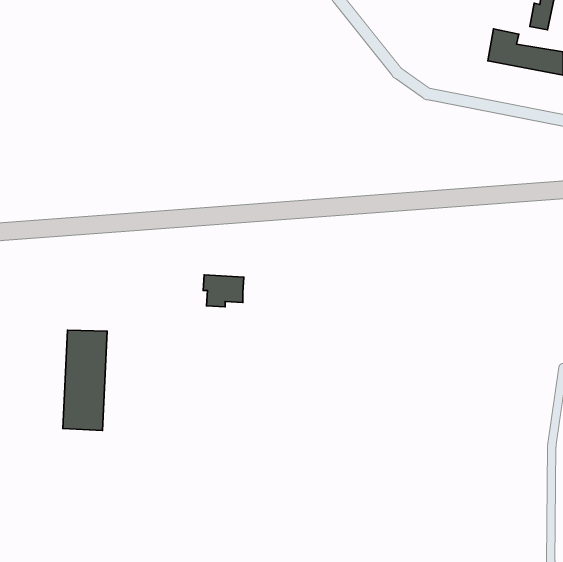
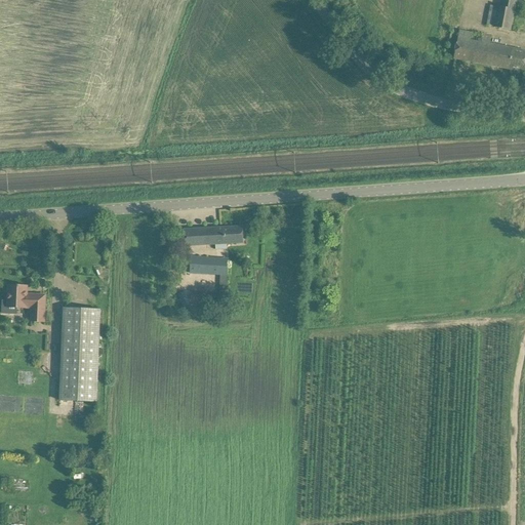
building: none -> [184,225,242,244]
building: none -> [6,283,44,320]

